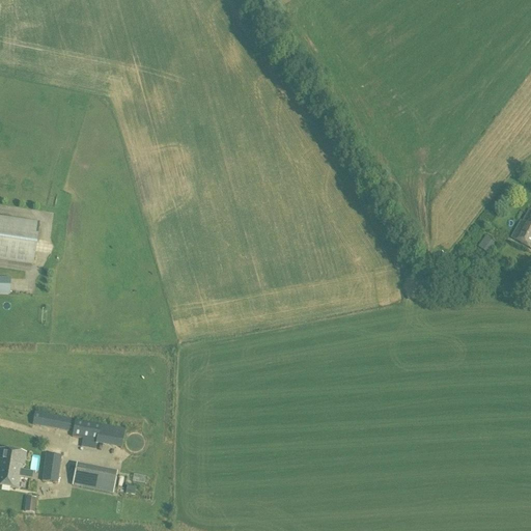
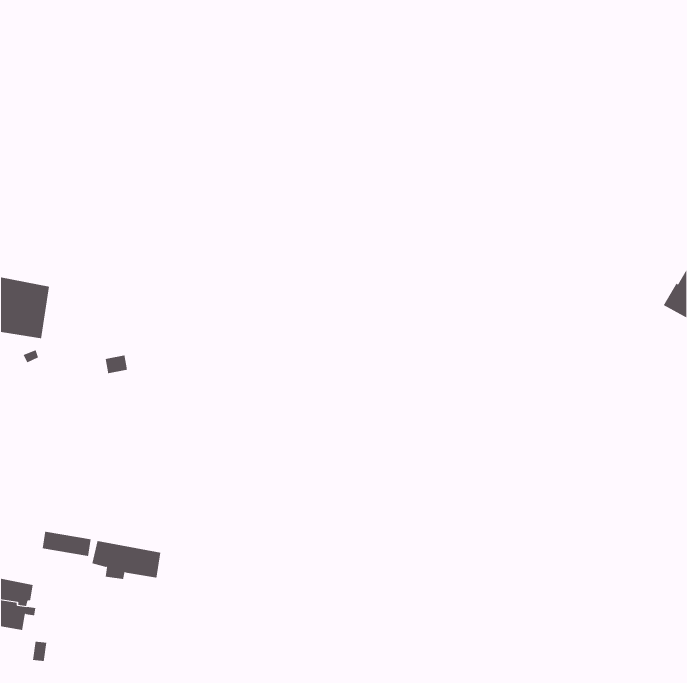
building: [41,451,61,481] -> none
building: [73,463,117,491] -> none

